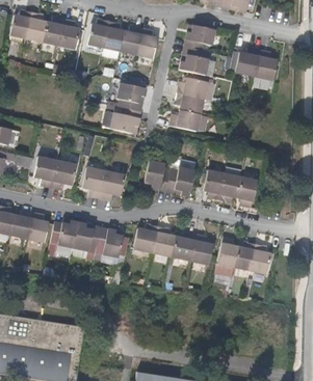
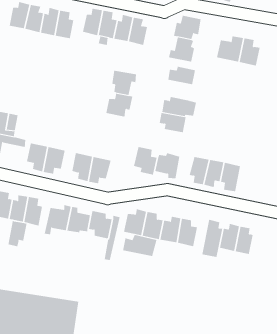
building: [177,91,206,113] -> [159,112,186,133]
building: none -> [8,220,27,247]
building: none -> [122,234,157,257]

